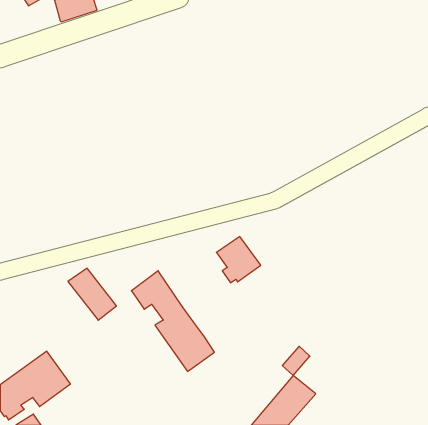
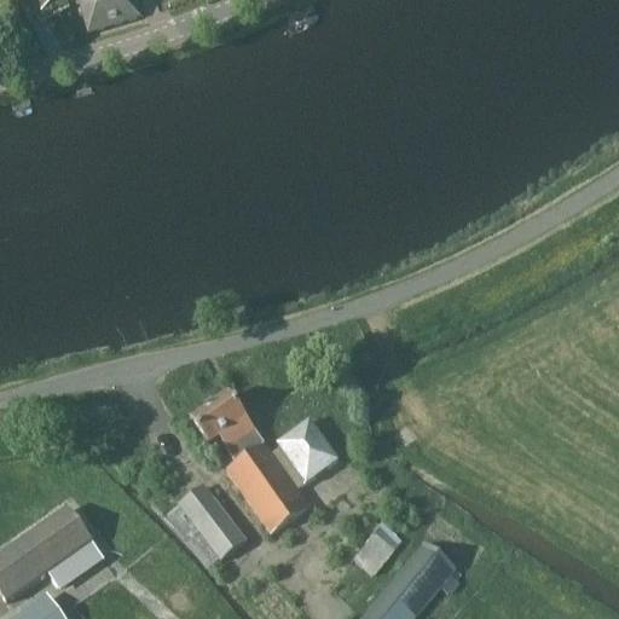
building: [216,237,261,283] -> [274,420,339,486]
building: [68,268,116,320] -> [177,485,247,560]
building: [282,346,310,376] -> [359,526,399,568]

